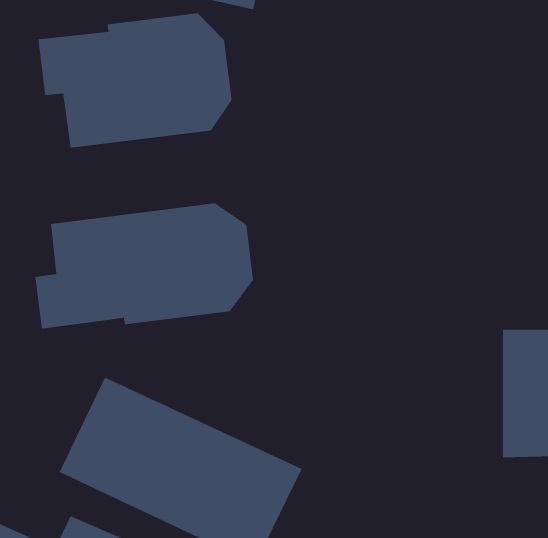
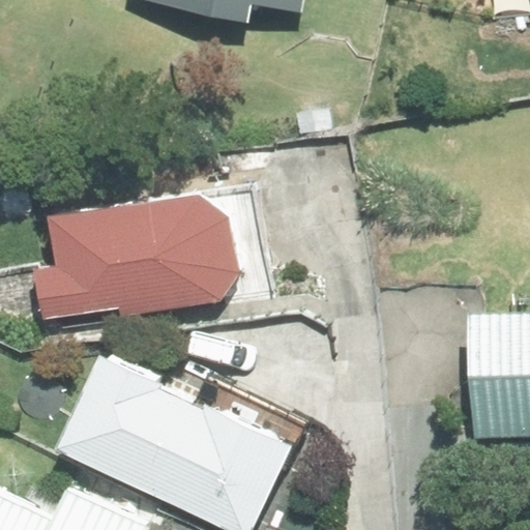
building: [38,12,232,148] -> none

